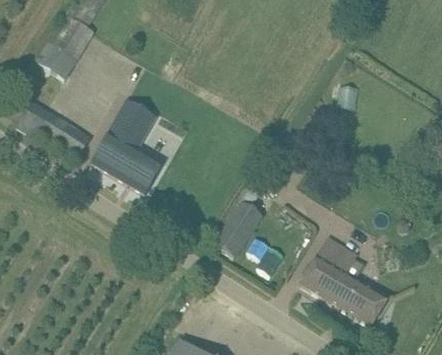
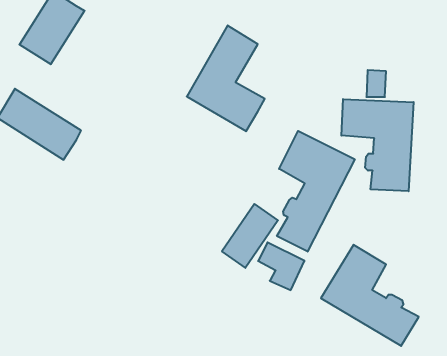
building: [93,100,161,193] -> [187,25,265,131]
building: none -> [341,99,414,191]
building: none -> [277,131,355,252]

